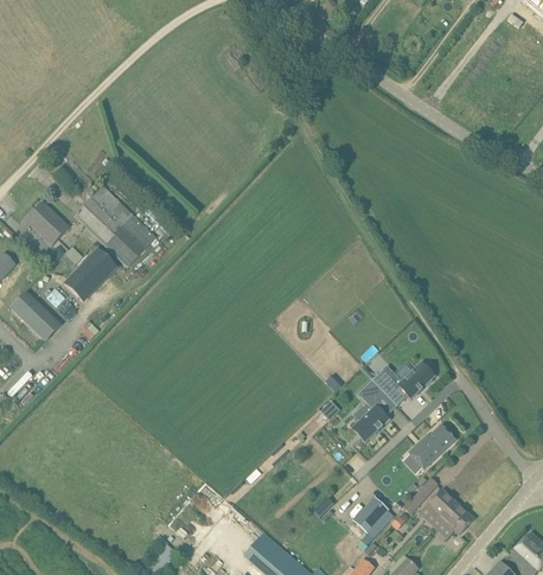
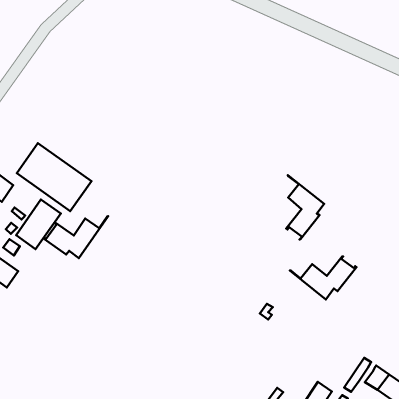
building: none -> [44,216,108,258]
building: [351,368,397,441] -> [286,175,324,239]
building: [408,423,455,467] -> none

